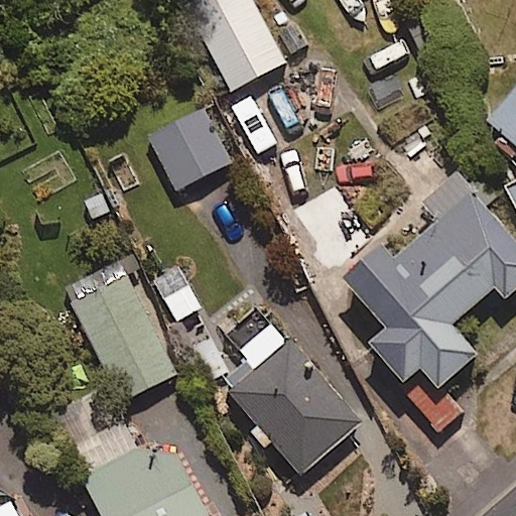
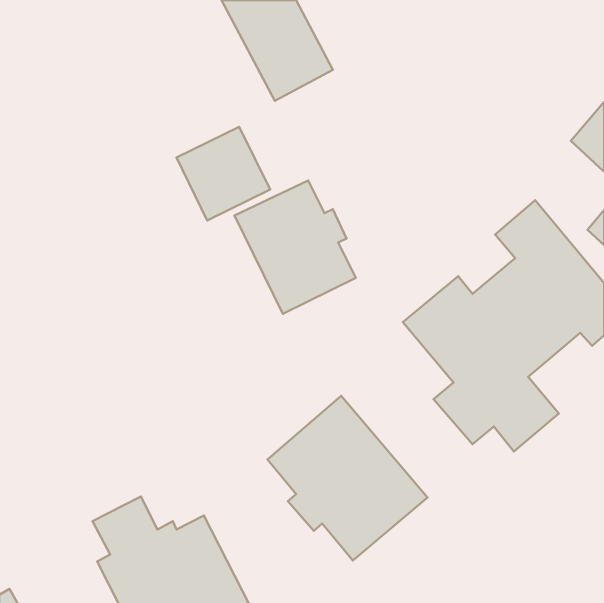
building: none -> [234,181,356,314]
building: [71,275,174,401] -> none

